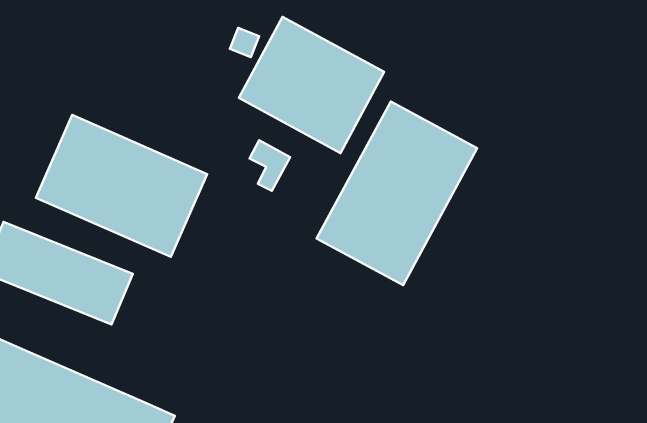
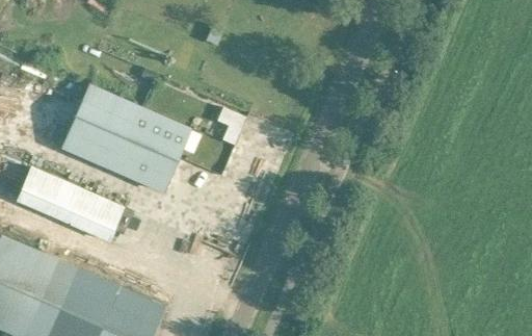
building: [239,17,384,153] -> none
building: [317,102,477,285] -> none

